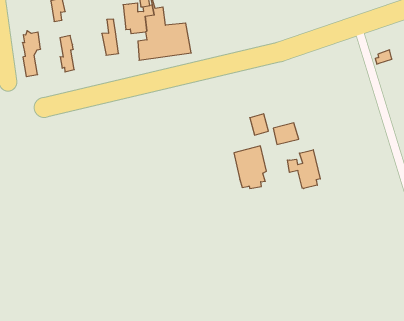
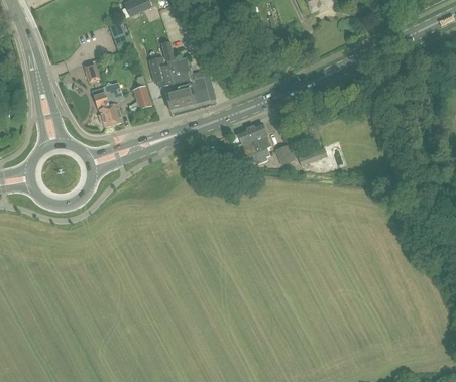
building: [22,31,41,77] -> [105,83,122,124]
building: [234,146,266,188] -> [238,123,269,162]
building: [287,150,320,189] -> none

